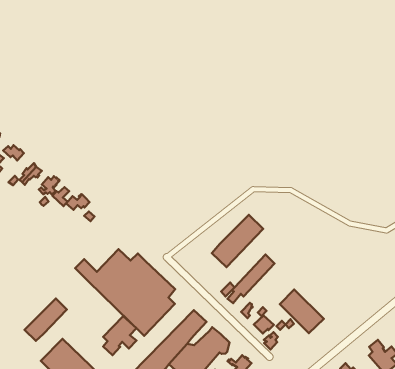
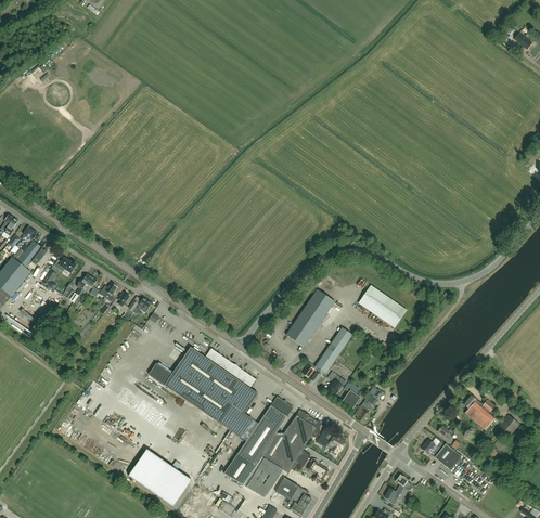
building: [280,289,324,333] -> [359,285,407,327]
building: [25,298,67,341] -> none
building: [103,316,136,355] -> none

